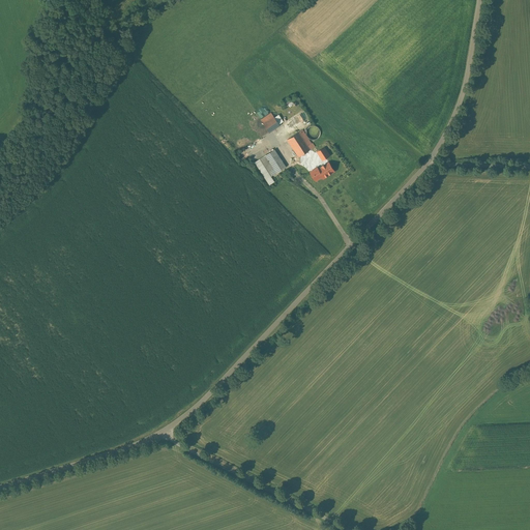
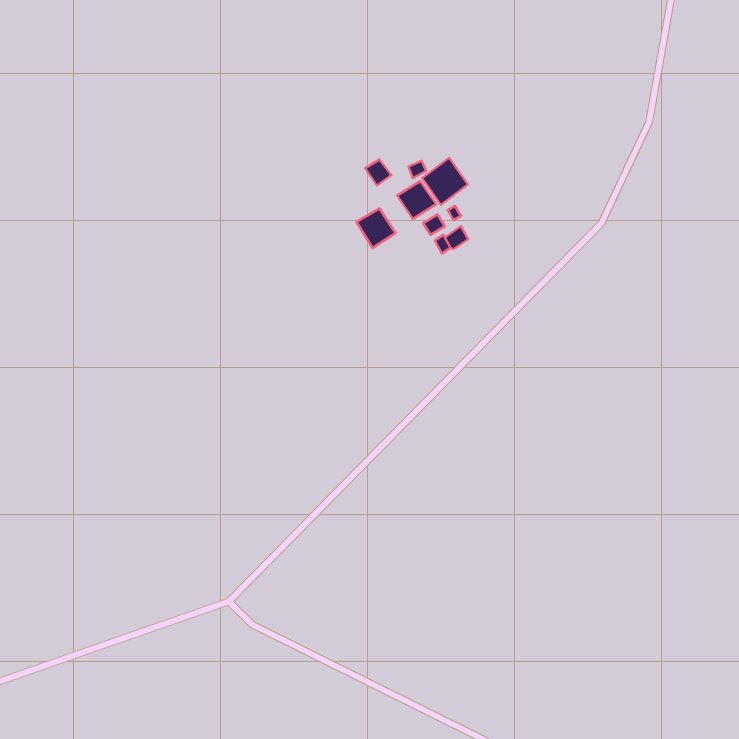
building: none -> [422,158,468,205]

